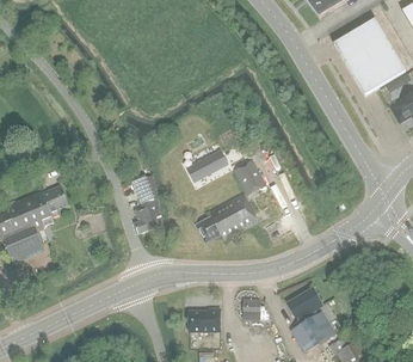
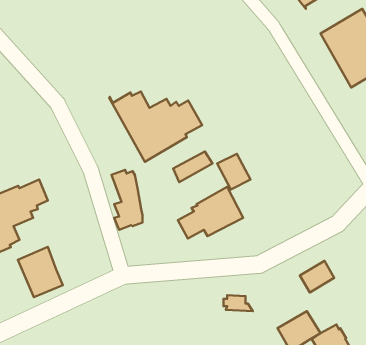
building: none -> [109,92,202,162]
building: none -> [18,247,63,297]
building: [288,287,321,318] -> [300,261,334,293]
building: [189,306,220,330] -> none

